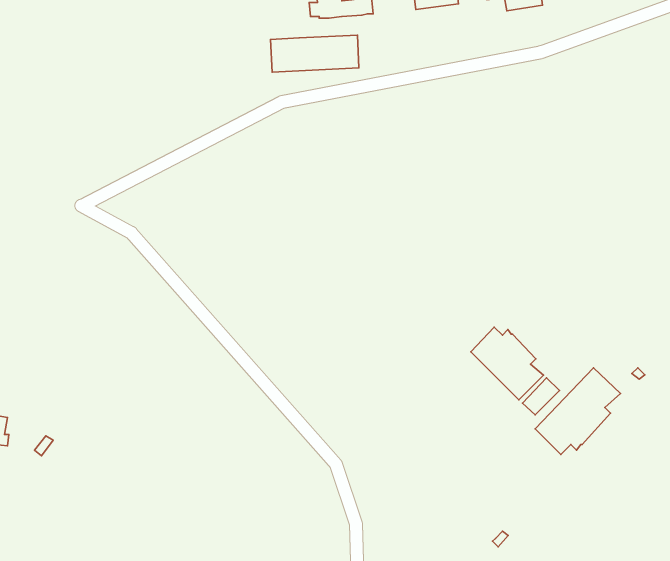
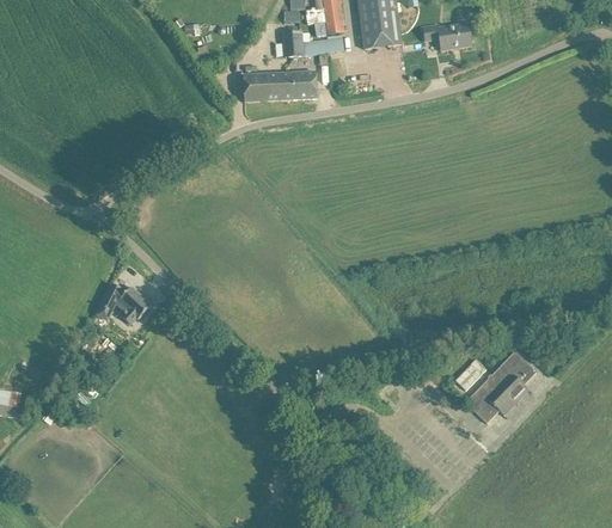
building: none -> [97,282,151,323]
building: [471,327,544,400] -> none

